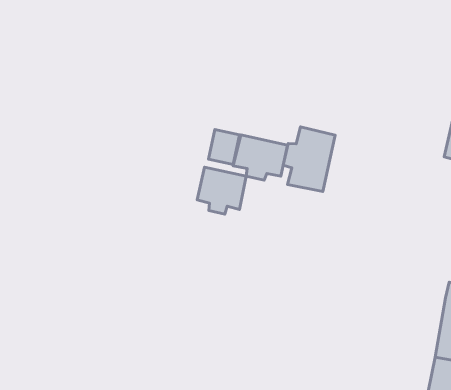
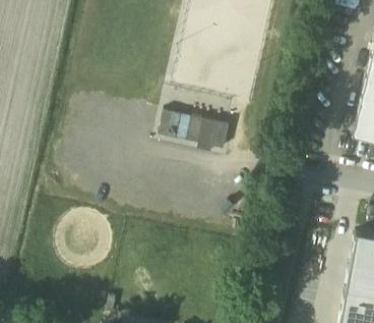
building: [283,127,335,191] -> none
building: [197,167,246,214] -> none

